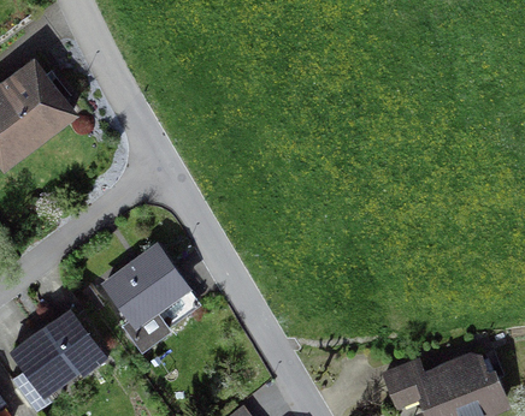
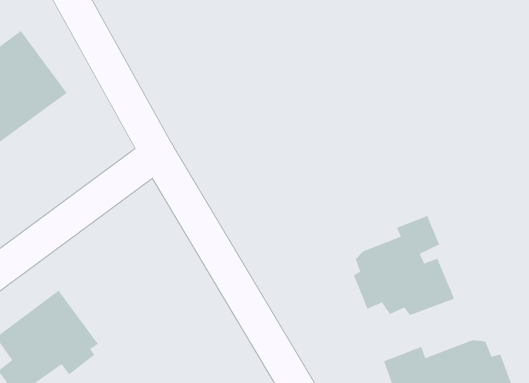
building: none -> [353,215,455,316]
building: [100,242,201,352] -> none

